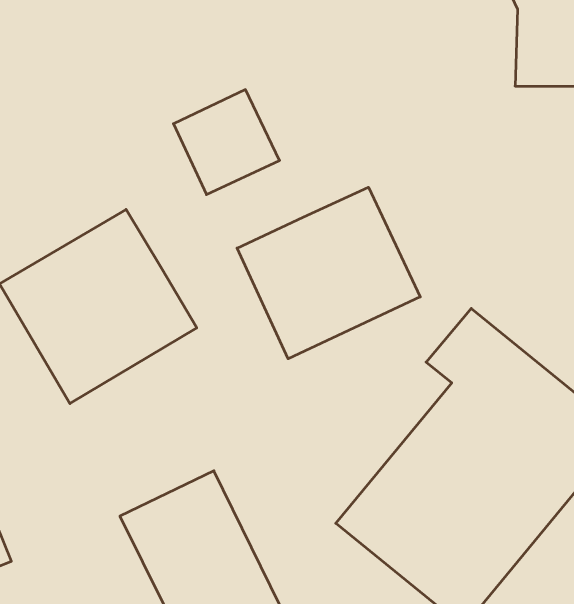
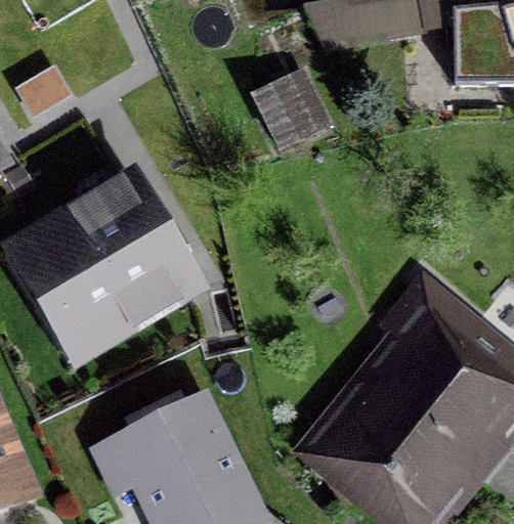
building: [173,90,280,195] -> [247,72,336,160]
building: [237,187,420,359] -> none

